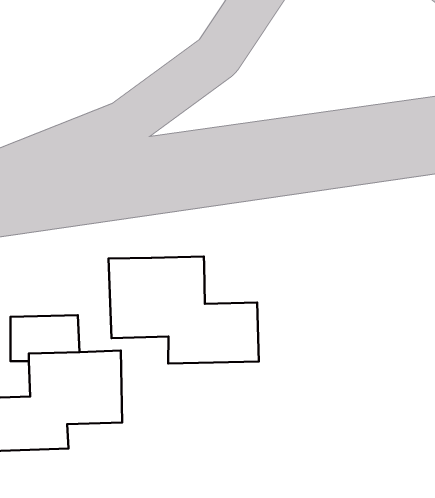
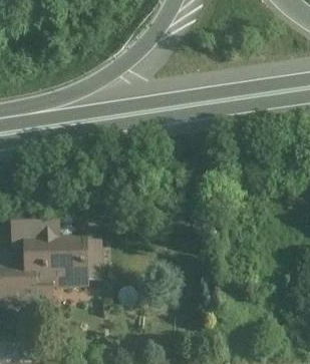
building: [109,256,259,363] -> none

